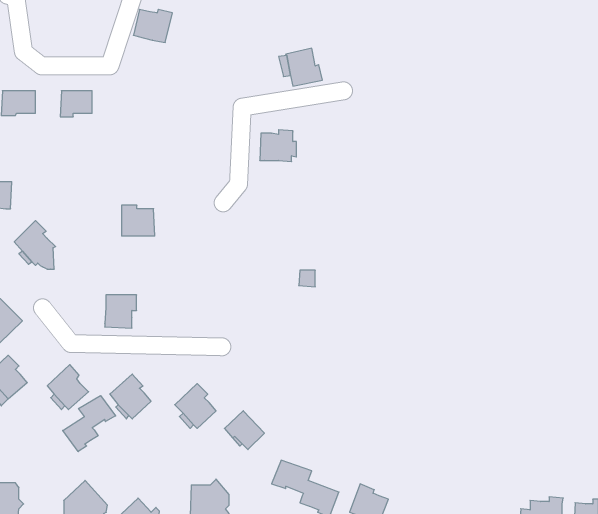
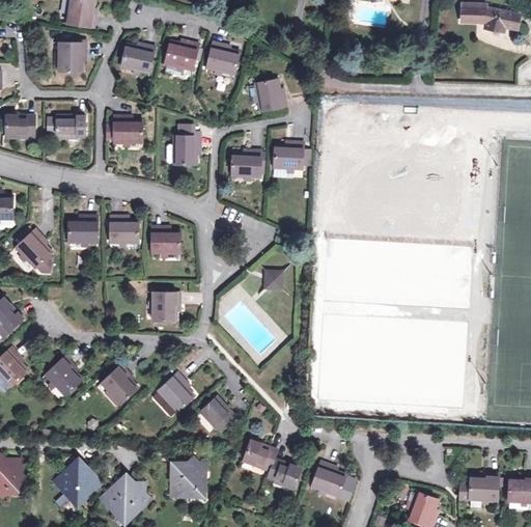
building: none -> [165,43,199,72]
building: none -> [206,43,240,76]
building: none -> [59,44,86,73]
building: none -> [107,116,143,144]
building: none -> [173,133,200,166]
building: none -> [275,142,304,170]
building: none -> [68,216,97,243]
building: none -> [152,227,181,254]
building: [105,295,137,328] -> [152,293,180,322]
building: [63,396,116,452] -> none

